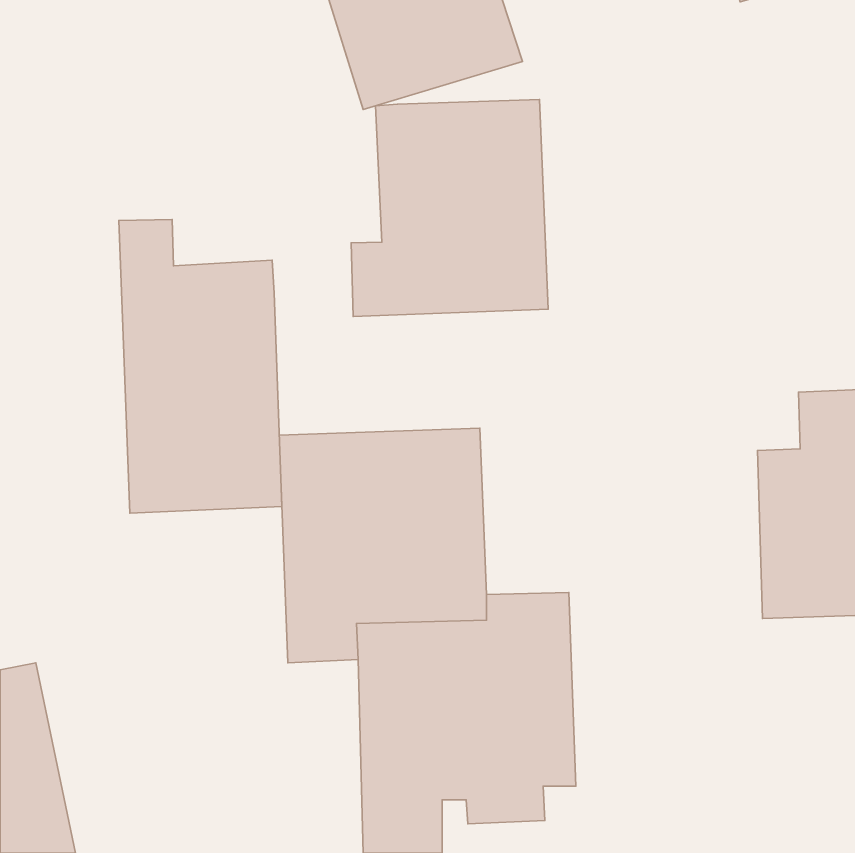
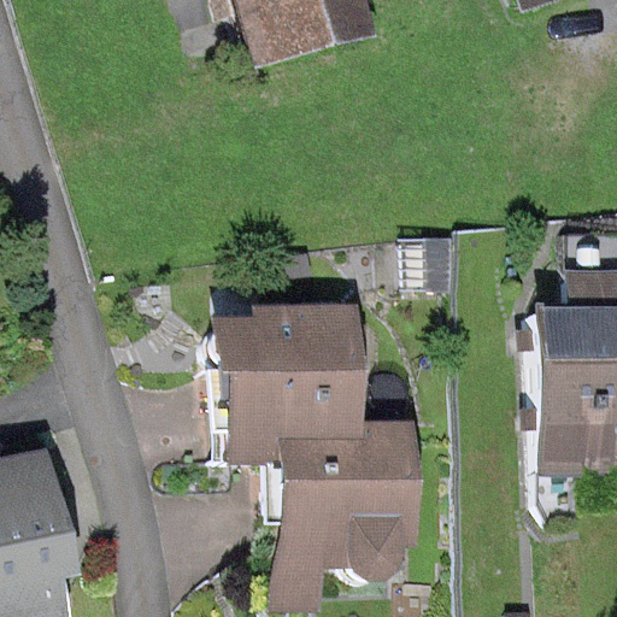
building: [351,99,548,316] -> none
building: [119,220,282,513] -> none

